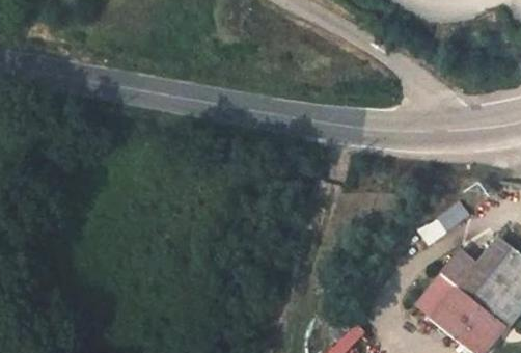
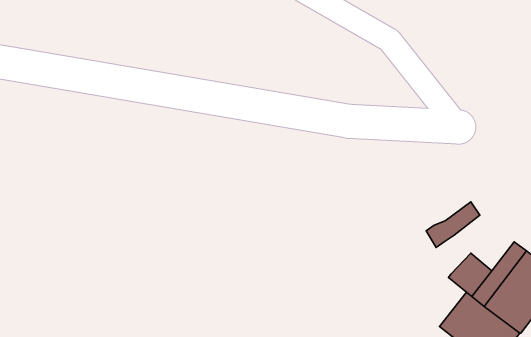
building: [416,273,458,319] -> none

